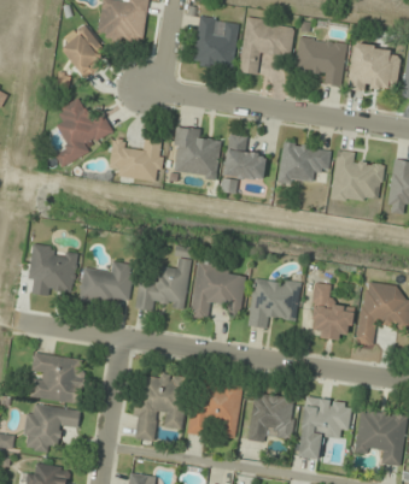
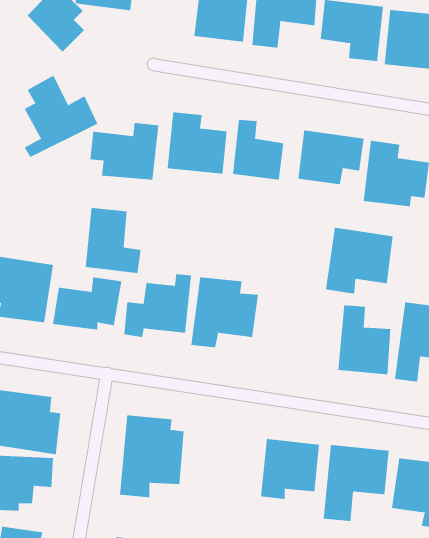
building: none -> [85,207,141,274]
building: [246,275,302,329] -> [325,227,393,294]
building: [191,379,243,438] -> none

